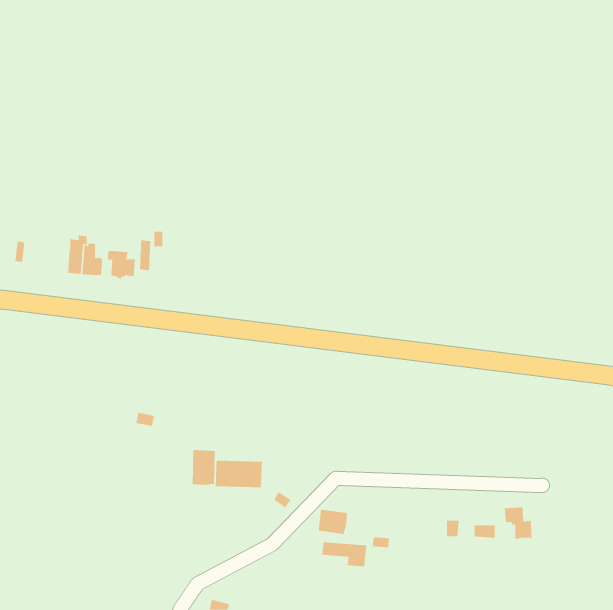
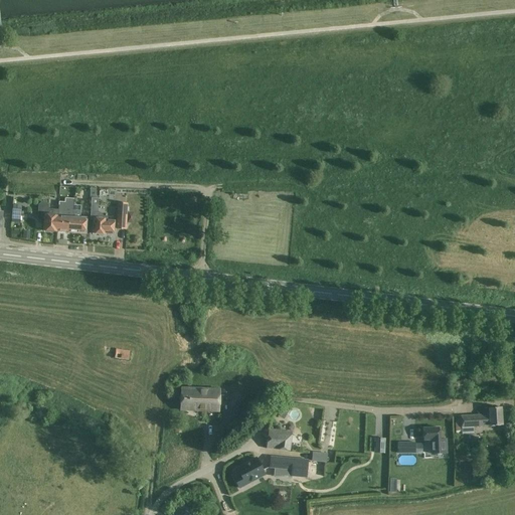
building: none -> [37,200,58,230]
building: [192,449,215,486] -> none
building: none -> [462,405,502,432]
building: none -> [234,457,265,487]

